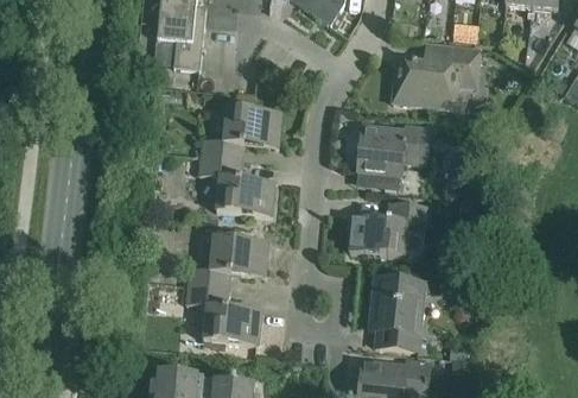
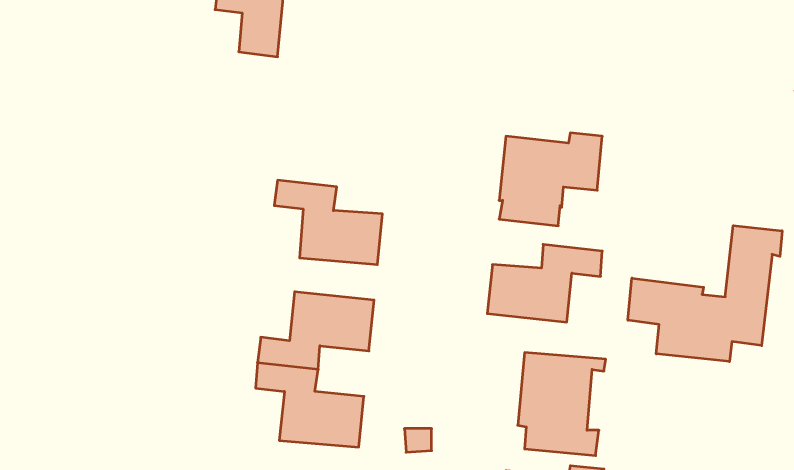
building: [392,43,479,108] -> none
building: [201,106,281,160] -> none
building: none -> [628,226,782,362]

